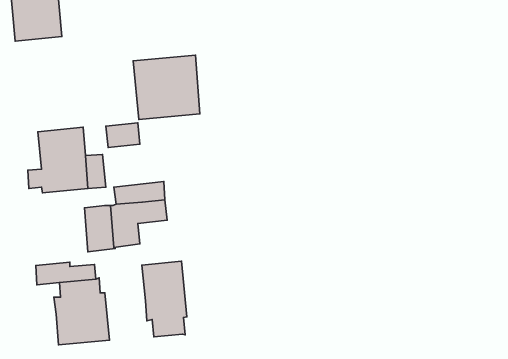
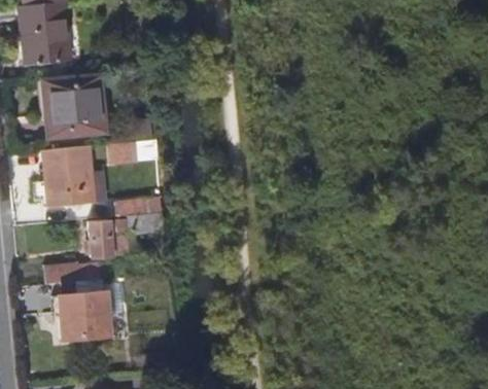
building: [133,55,200,120] -> [41,78,102,137]
building: [142,261,187,337] -> none

